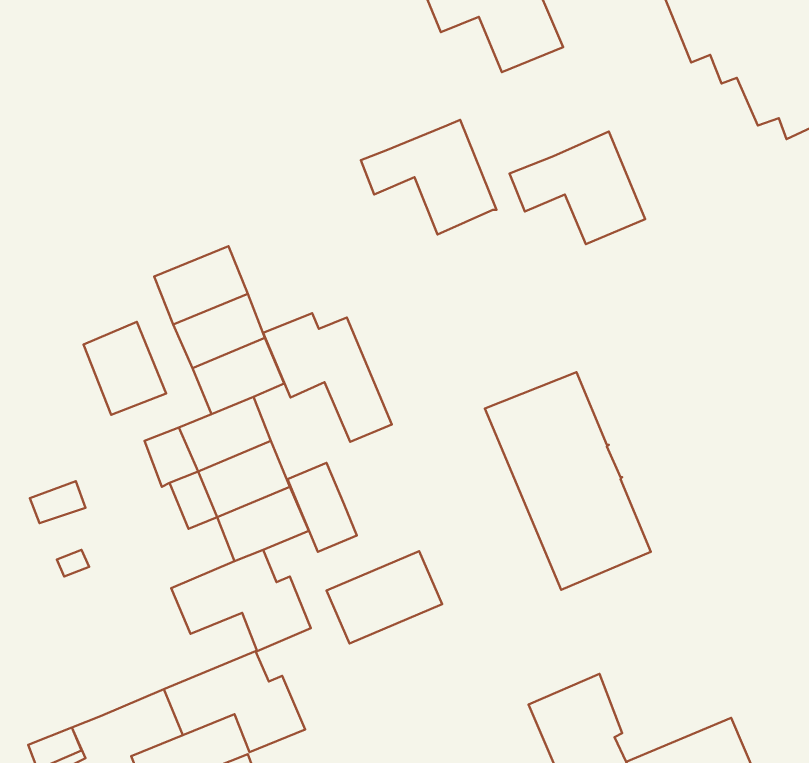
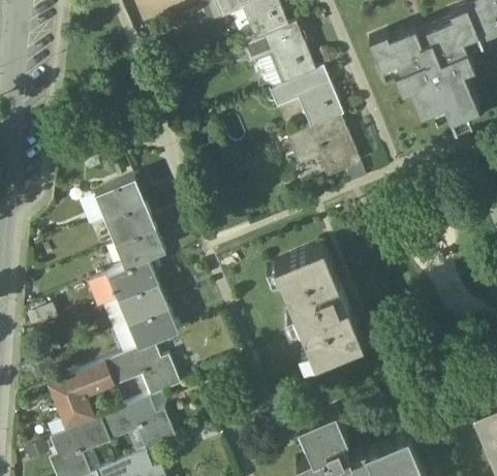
building: [361,120,497,235] -> [269,68,342,130]
building: [263,313,392,442] -> none
building: [83,322,166,415] -> none
building: [287,463,357,552] -> none
building: [326,551,442,643] -> none
building: none -> [54,363,114,433]

